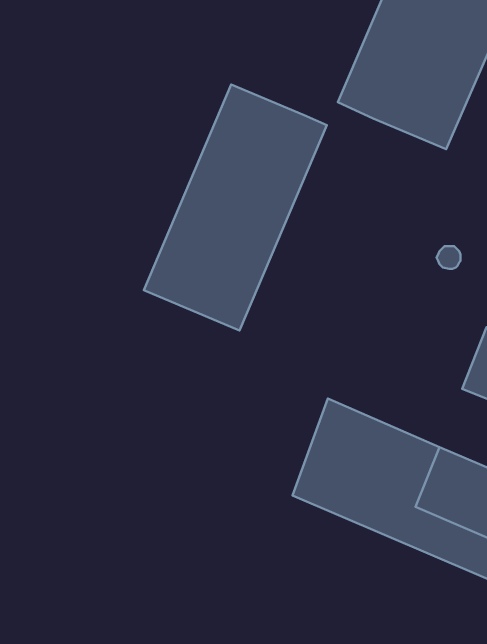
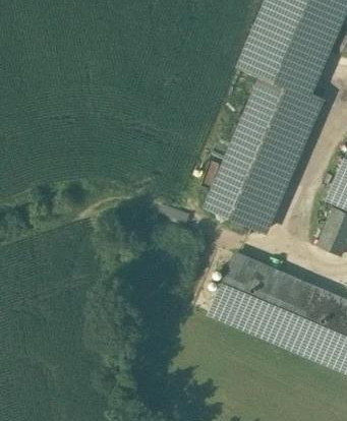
building: [144,85,327,331] -> [206,76,321,231]

